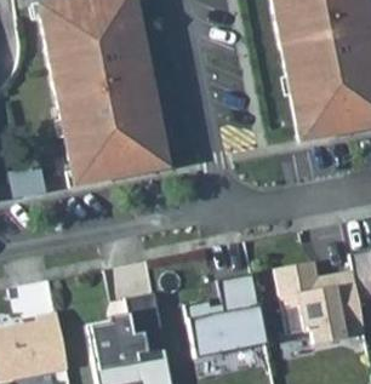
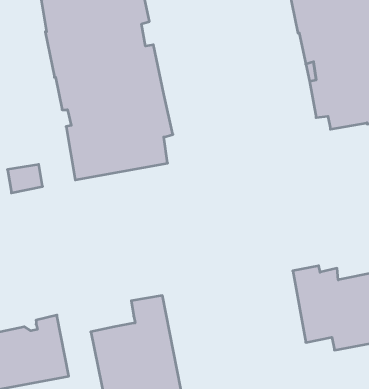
building: [185,274,267,359] -> none

